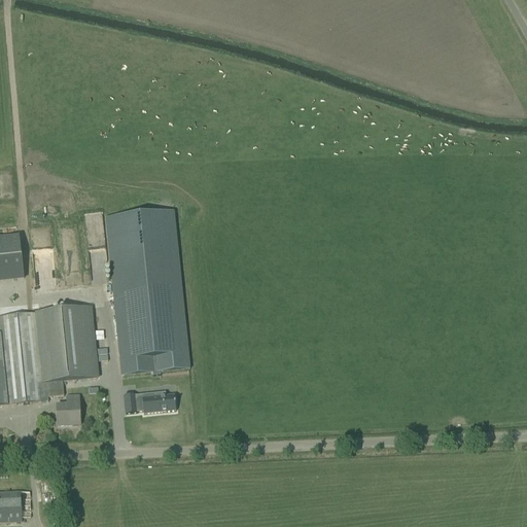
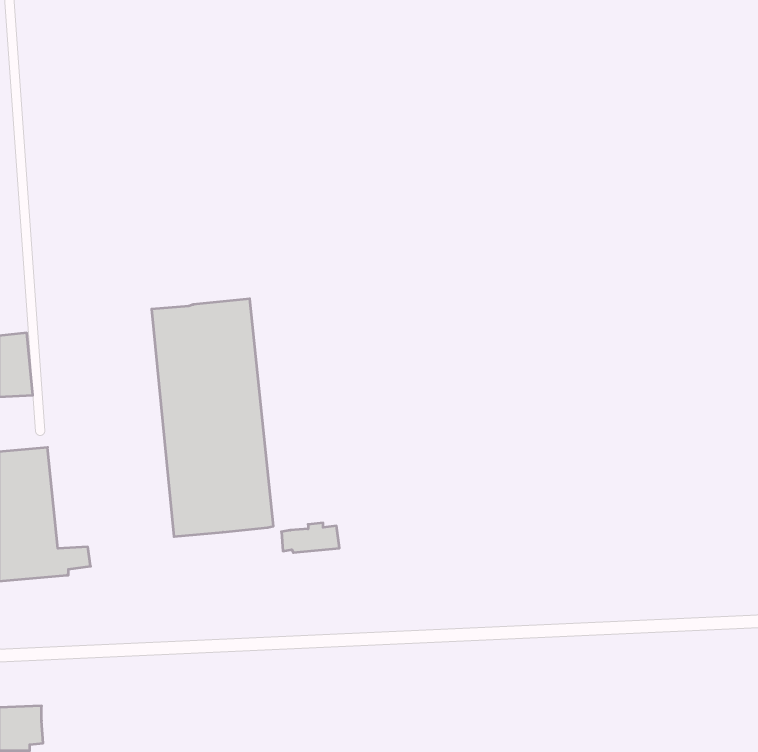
building: [33,304,98,380] -> none
building: [135,390,175,411] -> [281,523,339,553]
building: [56,393,79,423] -> none

